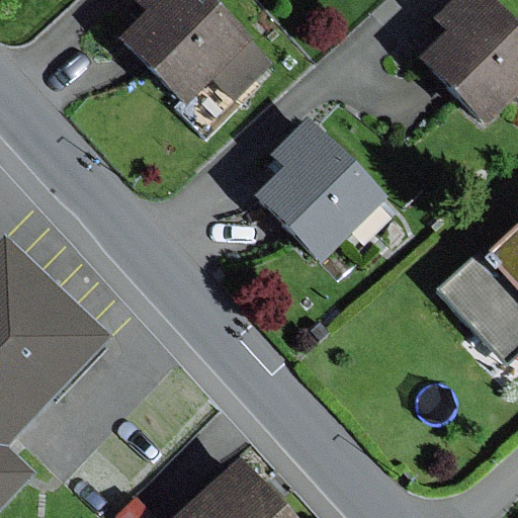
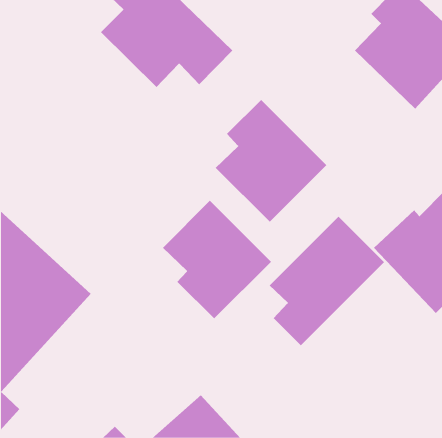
building: none -> [162,200,272,319]
building: none -> [269,216,385,346]

